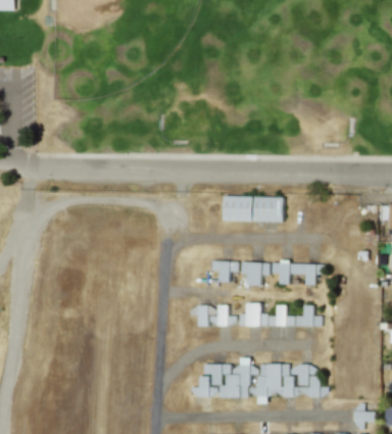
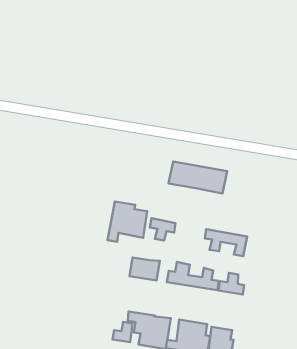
building: none -> [107,201,147,242]
building: [241,262,270,286] -> none

